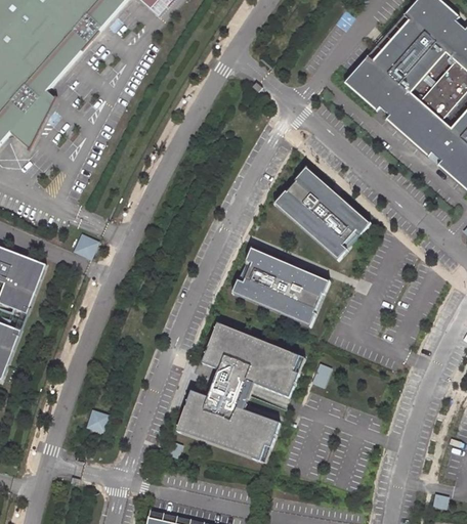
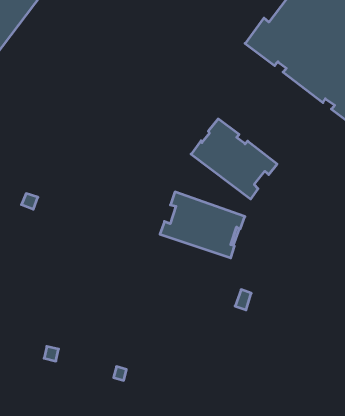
building: [176,322,299,460] -> none

